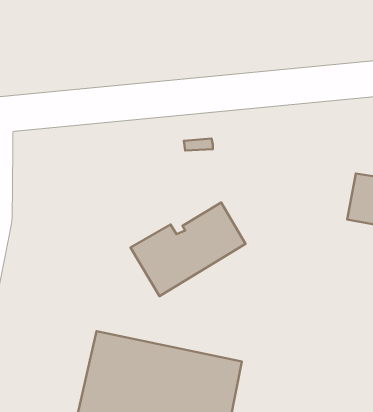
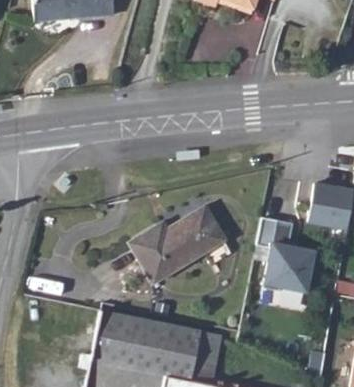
building: none -> [255,214,314,289]

